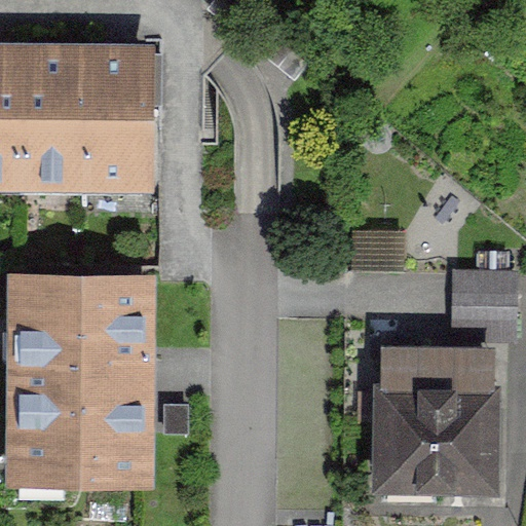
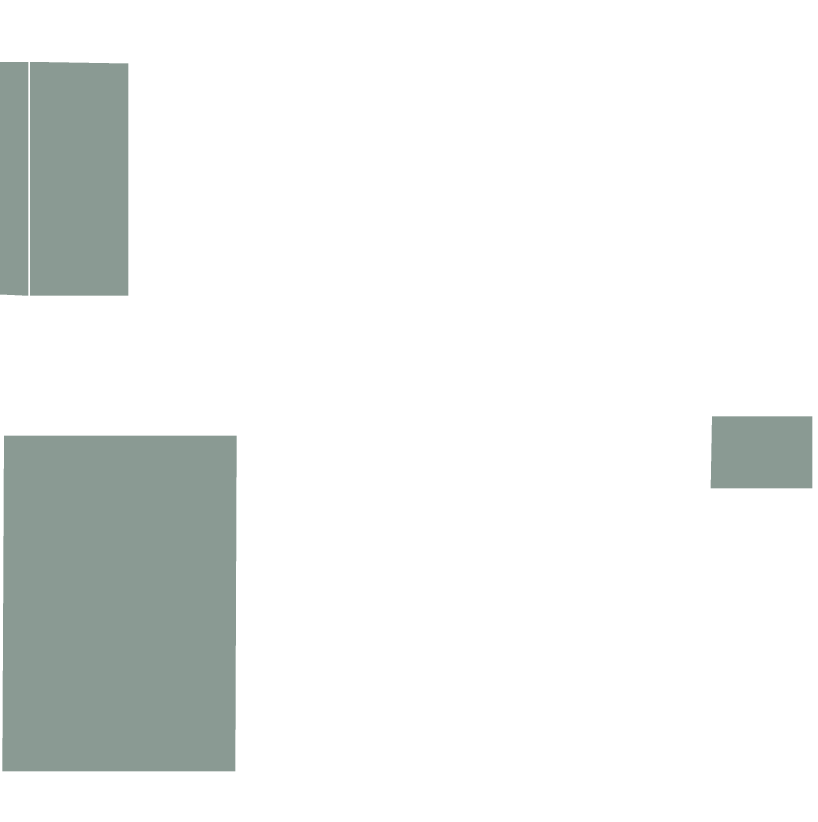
building: [82,43,159,191] -> none
building: [371,347,504,493] -> none

